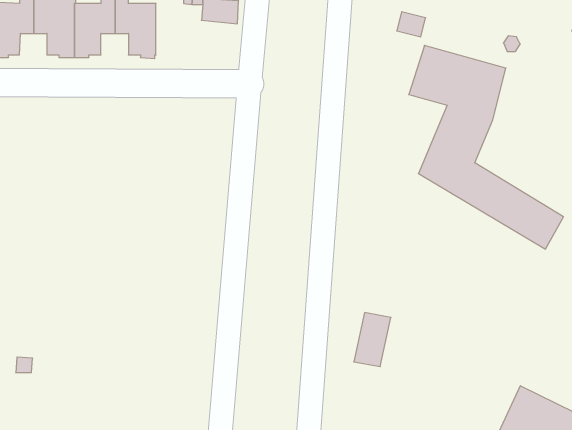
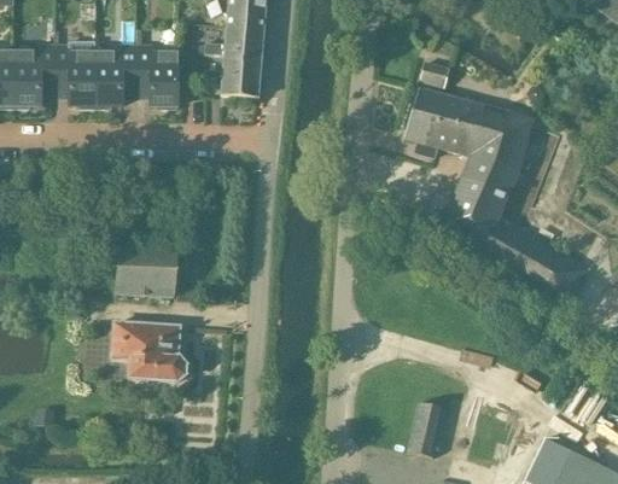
building: none -> [205,69,260,98]
building: none -> [404,87,448,157]
building: none -> [116,244,176,296]
building: none -> [112,322,186,380]
building: [354,313,391,367] -> [407,402,444,456]

